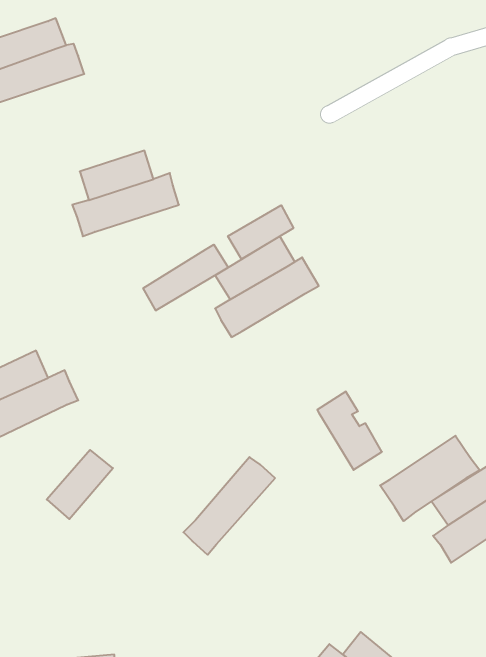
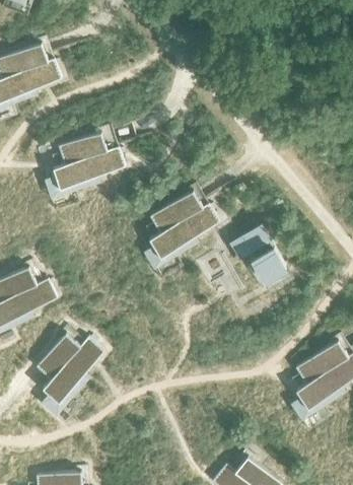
building: [228,205,293,259] -> none
building: [143,245,228,311] -> none
building: [317,392,382,470] -> [240,226,284,279]
building: [380,436,480,521] -> none
building: [183,457,275,555] -> [42,338,103,404]

